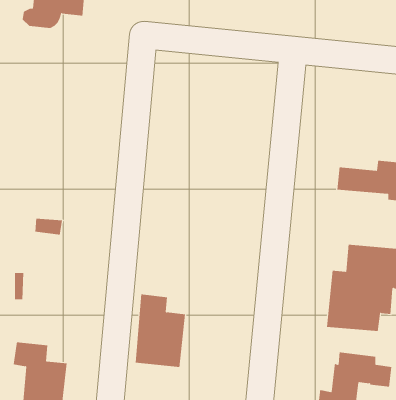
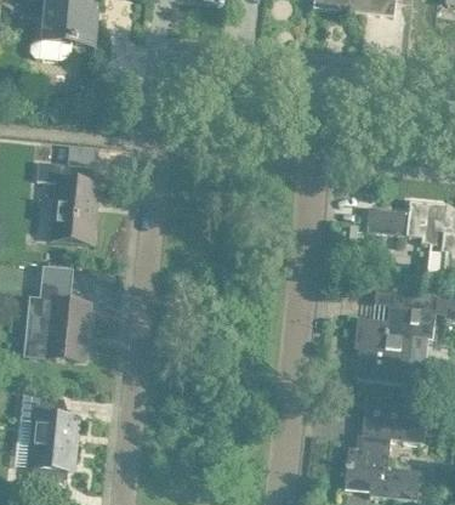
building: none -> [36,147,101,240]
building: [135,294,186,367] -> [35,282,90,361]

